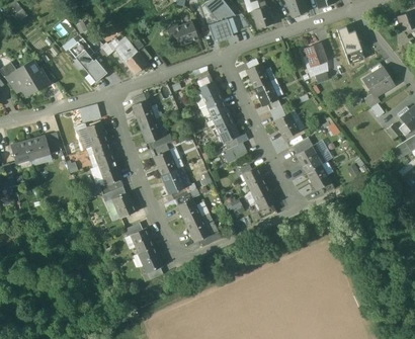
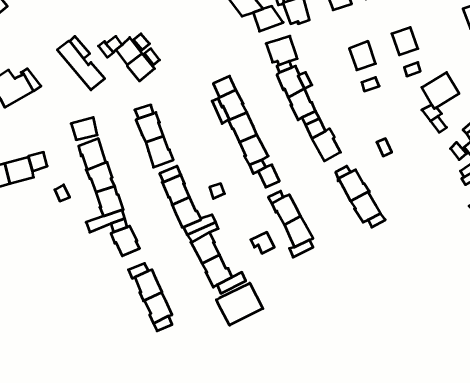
building: [208,19,233,43] -> [266,36,297,65]
building: [172,22,197,46] -> none
building: none -> [216,283,263,325]

